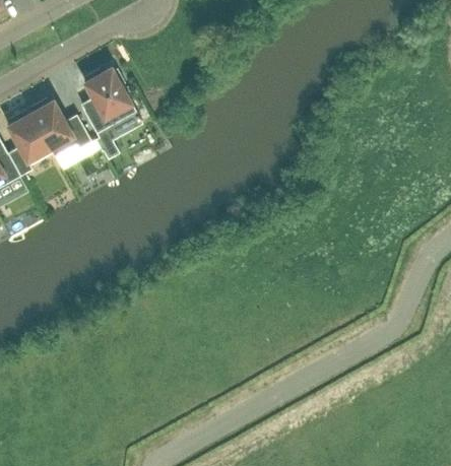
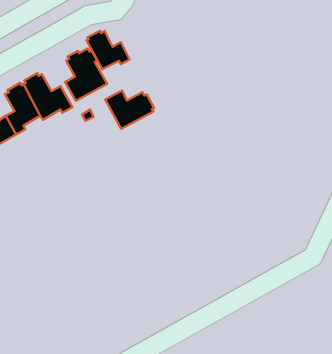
building: none -> [86,31,129,69]
building: none -> [105,90,154,129]

